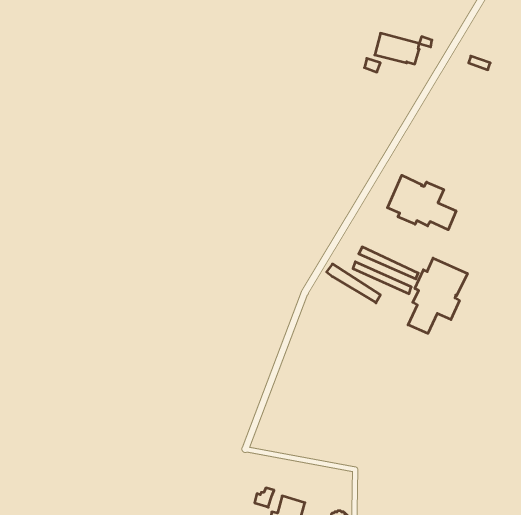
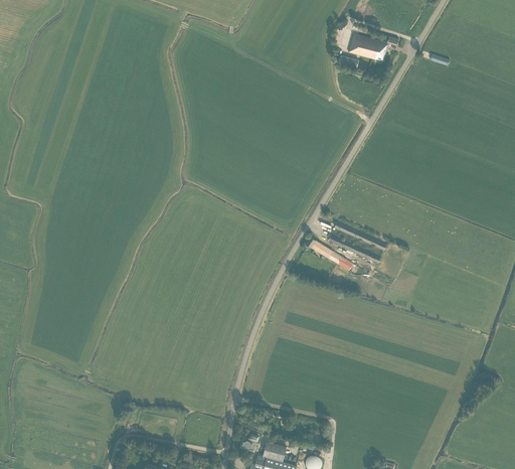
building: [387,175,456,230] -> none
building: [408,258,467,333] -> none

